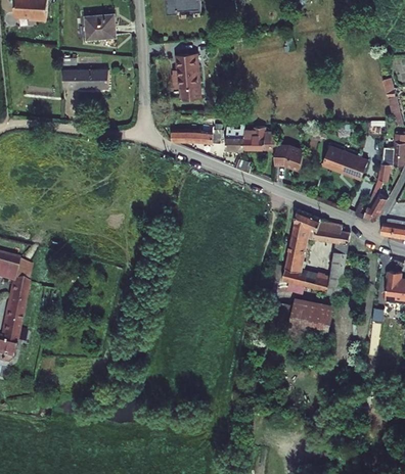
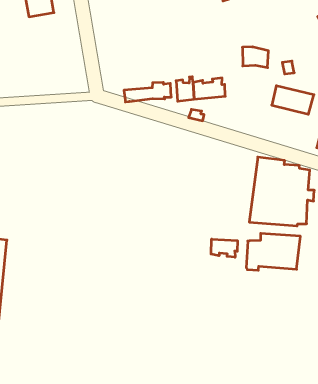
building: [172,51,200,97] -> none
building: [66,73,102,94] -> none
building: [274,142,303,167] -> [242,47,268,68]
building: none -> [211,239,237,257]

